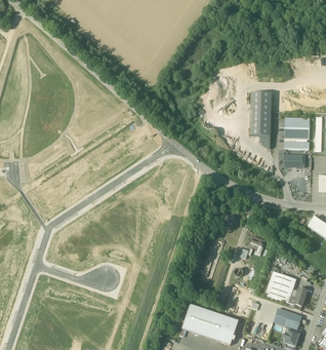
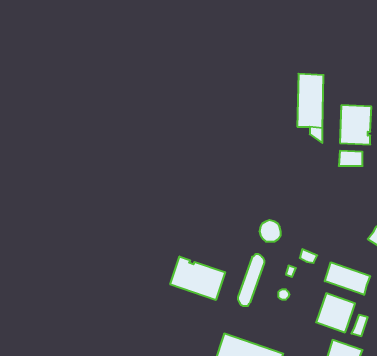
building: none -> [170,256,225,300]
building: none -> [325,262,370,295]

